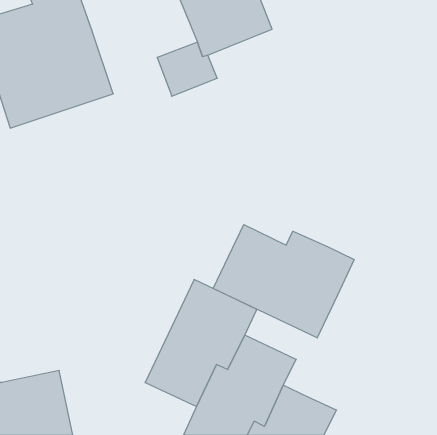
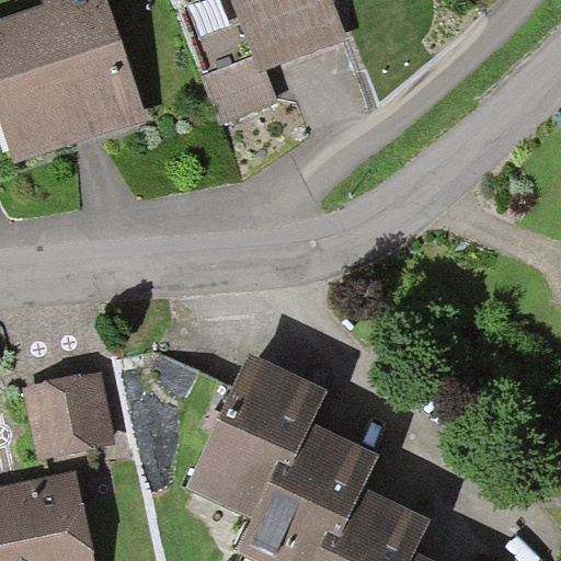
building: [213,225,354,338] -> none
building: none -> [22,369,113,456]

